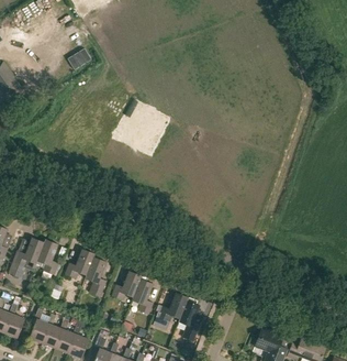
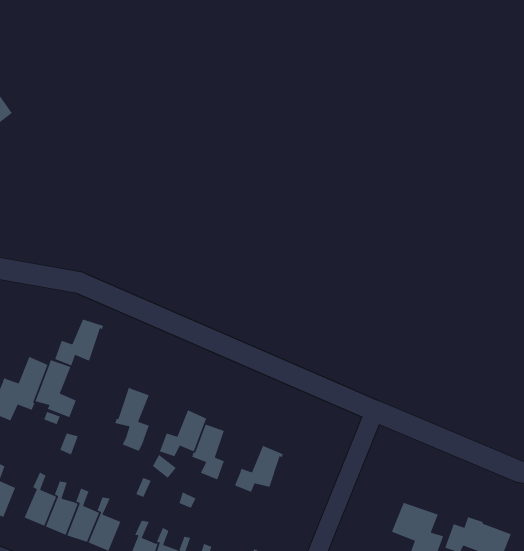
building: [65,249,96,278] -> [54,318,104,367]
building: [179,299,200,341] -> none

